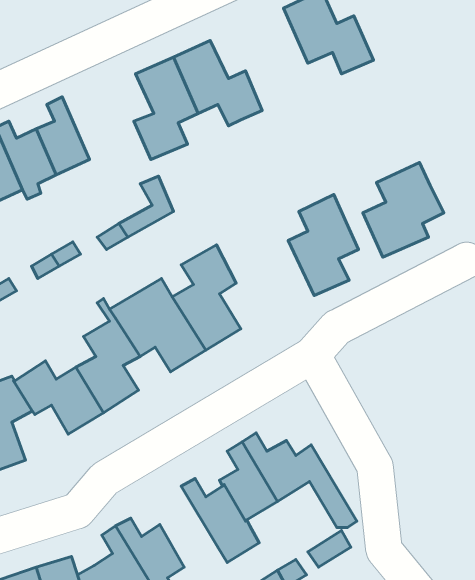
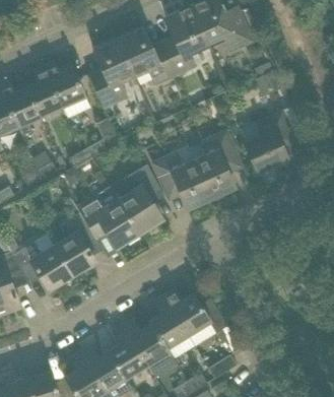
building: none -> [162,7,208,75]
building: none -> [45,62,91,119]
building: none -> [153,153,212,209]
building: none -> [110,325,148,379]

